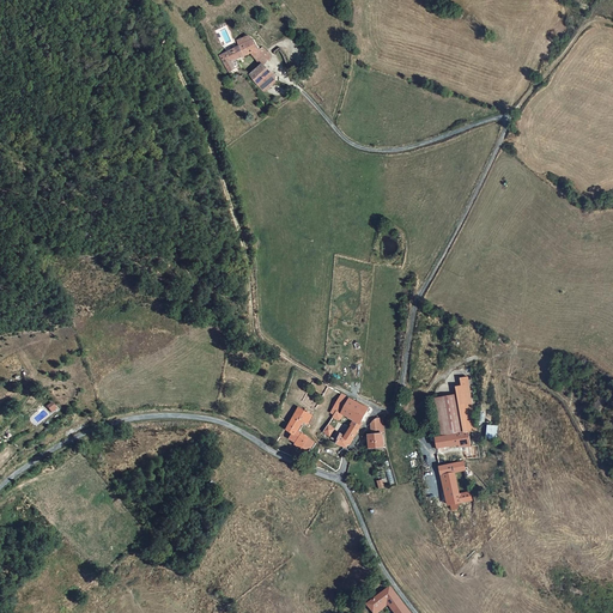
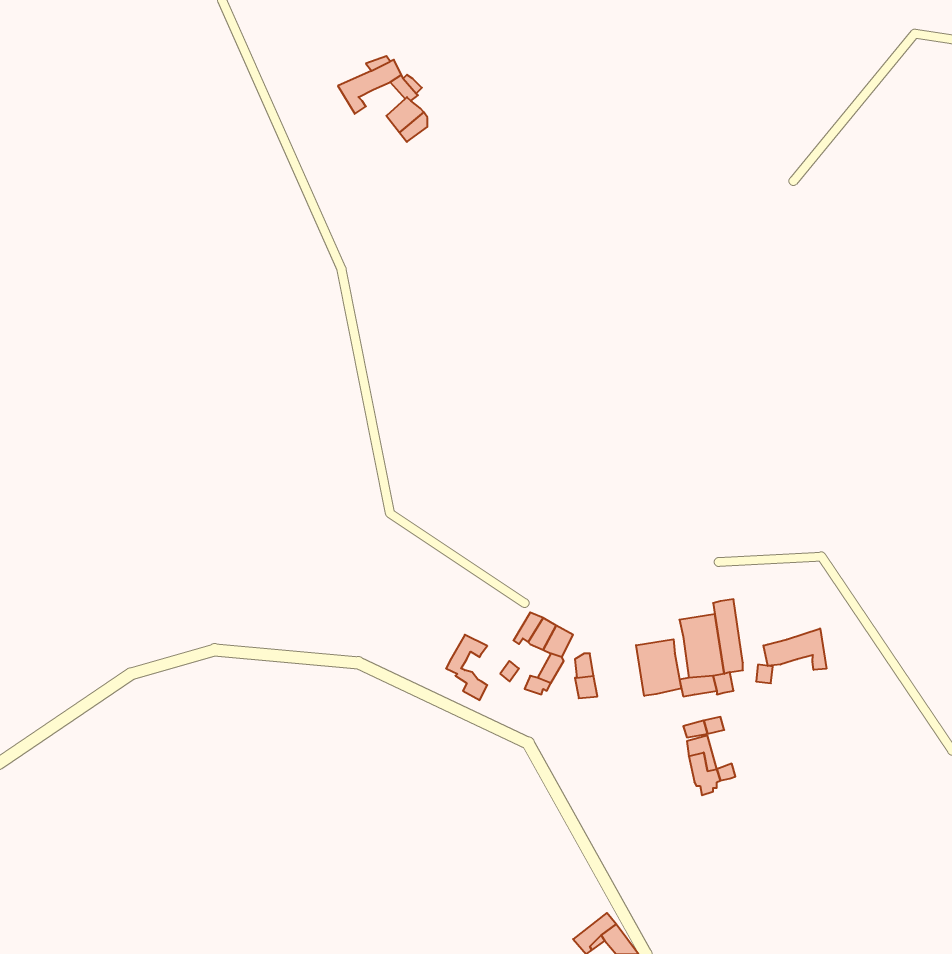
building: none -> [763,628,826,670]
building: none -> [636,639,681,696]

